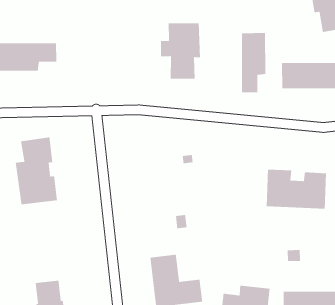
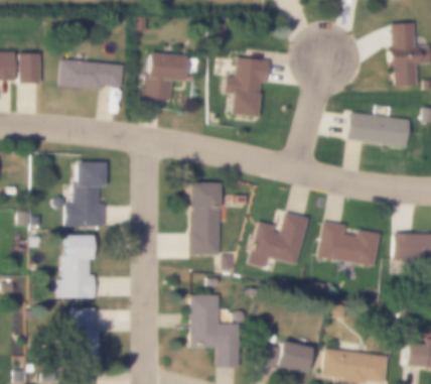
building: none -> [144,51,187,99]
building: [241,32,266,93] -> none
building: none -> [190,180,222,254]
building: none -> [247,210,309,268]
building: none -> [58,235,96,297]

